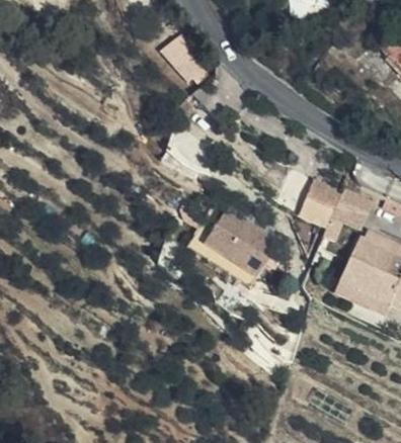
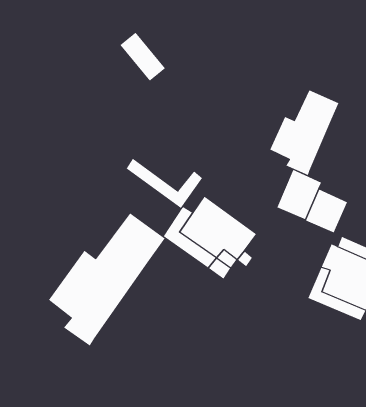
building: none -> [270,89,339,176]
building: none -> [126,158,203,209]
building: none -> [48,213,166,346]

